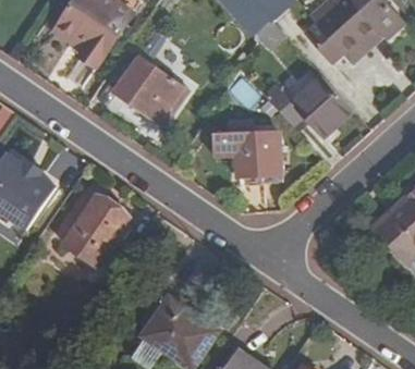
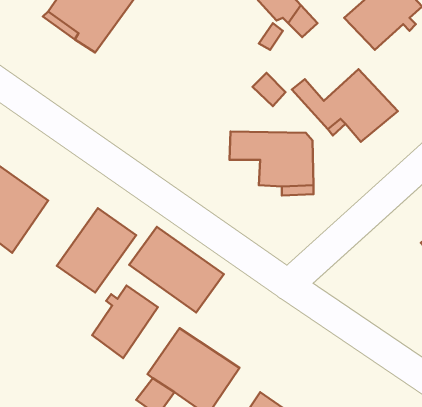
building: [112,53,186,124] -> none
building: none -> [129,227,224,313]
building: none -> [92,285,158,358]

